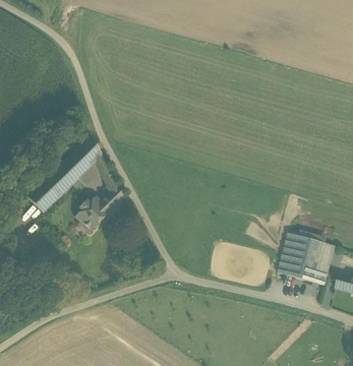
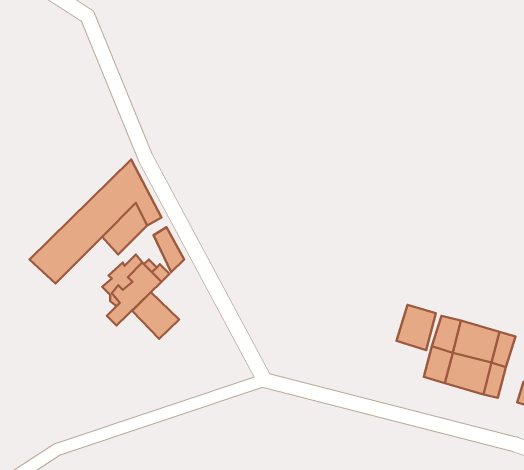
building: none -> [132,292,179,339]
building: none -> [396,305,436,350]

